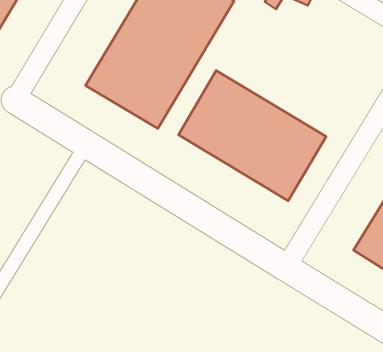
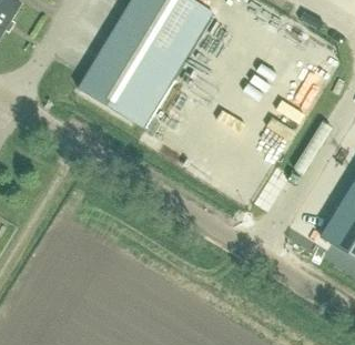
building: [178,71,326,201] -> none

